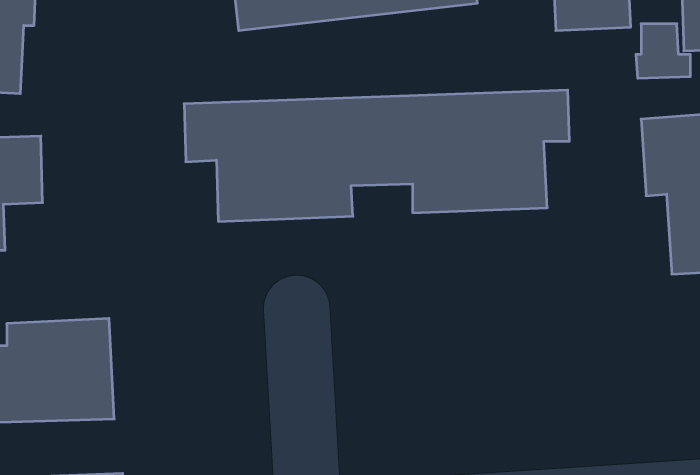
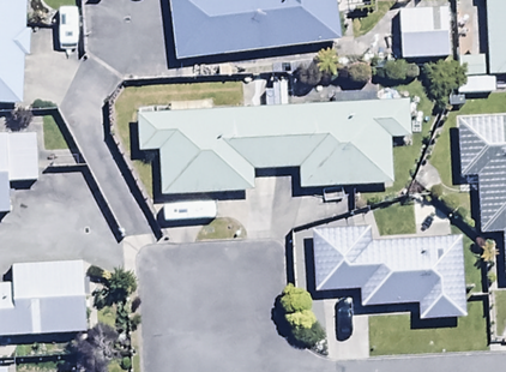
building: none -> [312,224,466,317]

